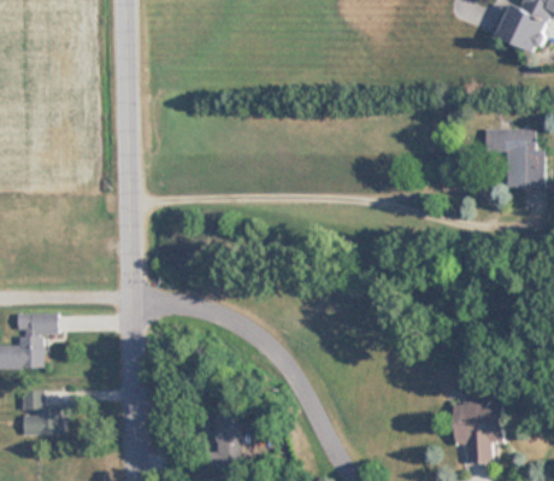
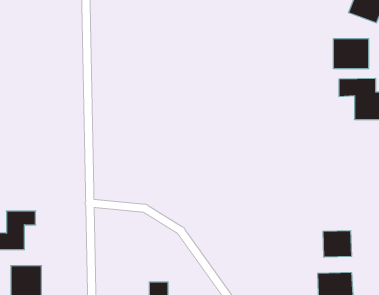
building: none -> [334,39,369,69]
building: none -> [323,231,351,257]

